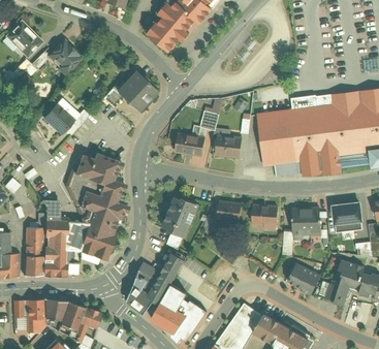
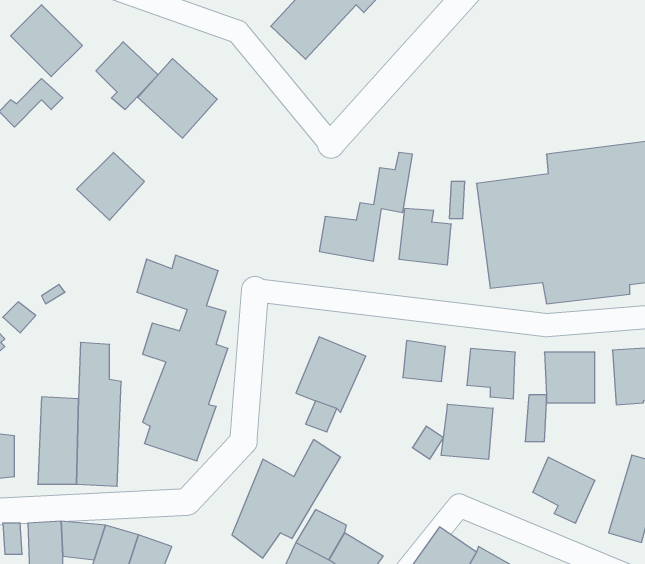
building: [117,71,159,114] -> [138,59,217,138]
building: none -> [441,404,493,459]

